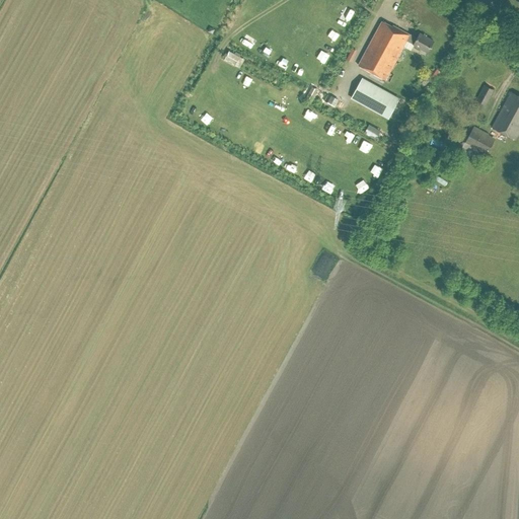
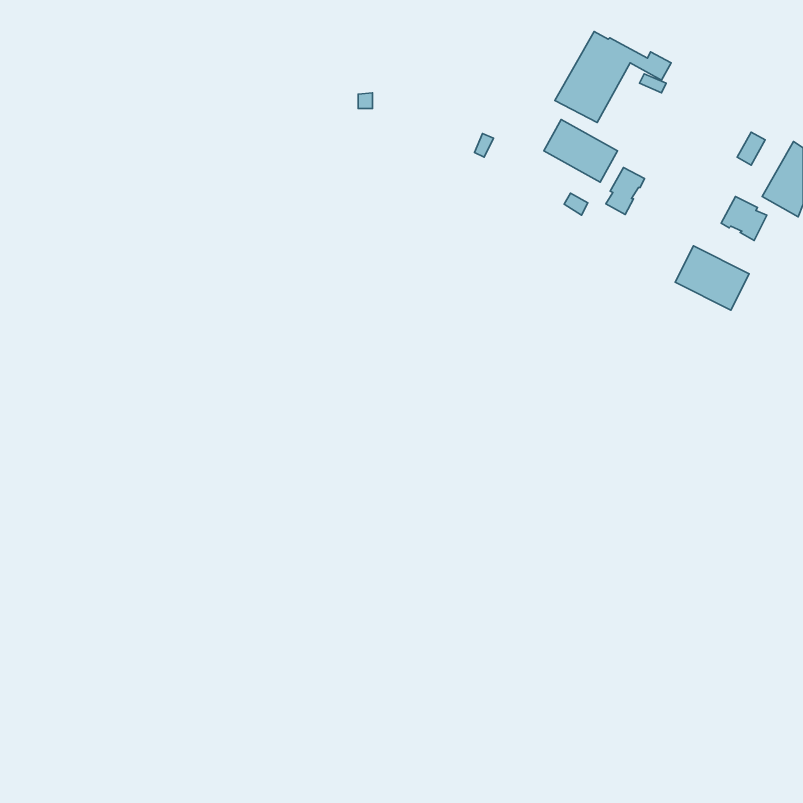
building: none -> [606,168,645,214]
building: none -> [675,246,749,310]

